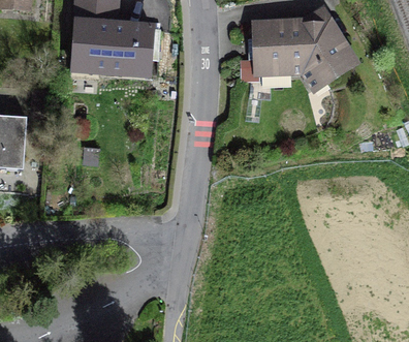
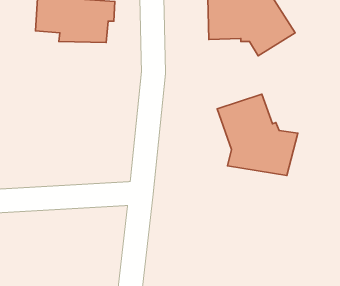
building: none -> [217,94,298,175]

